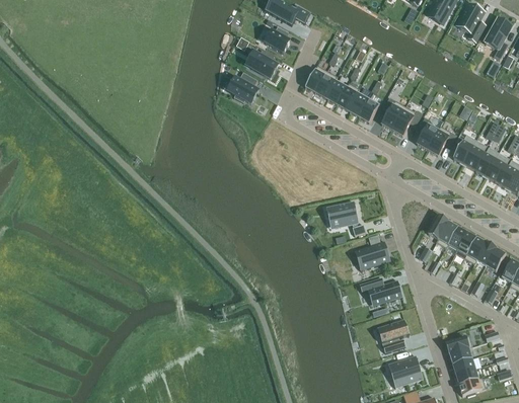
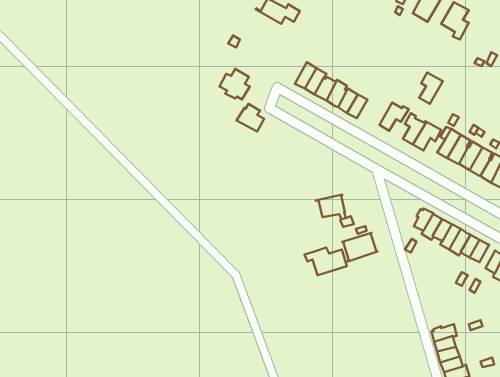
building: [485,18,511,60] -> none
building: [257,25,290,53] -> none
building: [249,50,278,78] -> [237,104,264,131]
building: [381,97,405,130] -> [419,72,443,104]
building: [359,277,402,306] -> [305,248,347,275]
building: [378,319,410,352] -> none
building: [388,355,423,384] -> none

